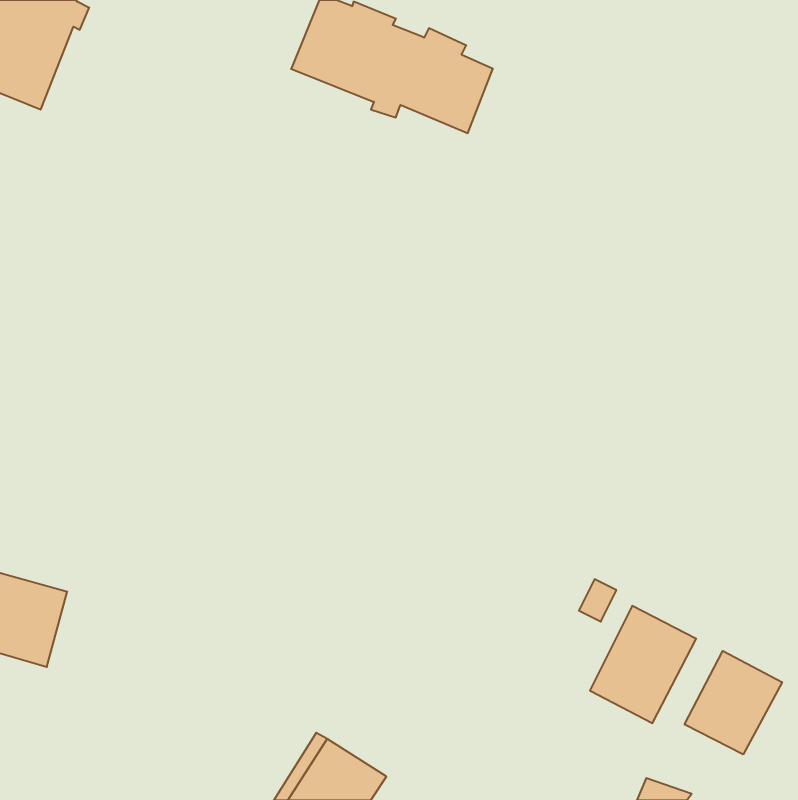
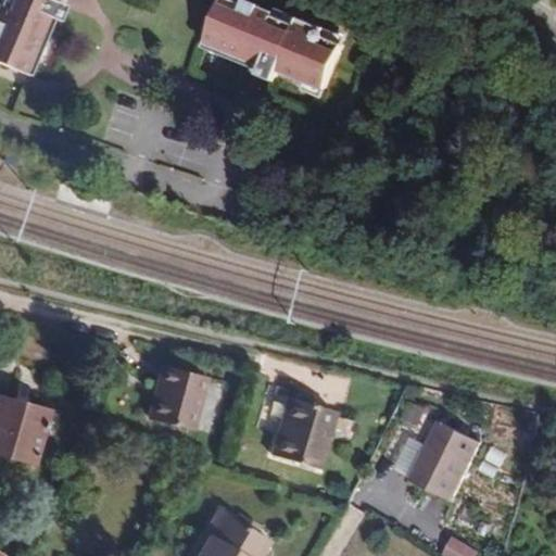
building: none -> [150,365,206,430]
building: none -> [271,399,334,467]
building: [685,651,782,754] -> none

